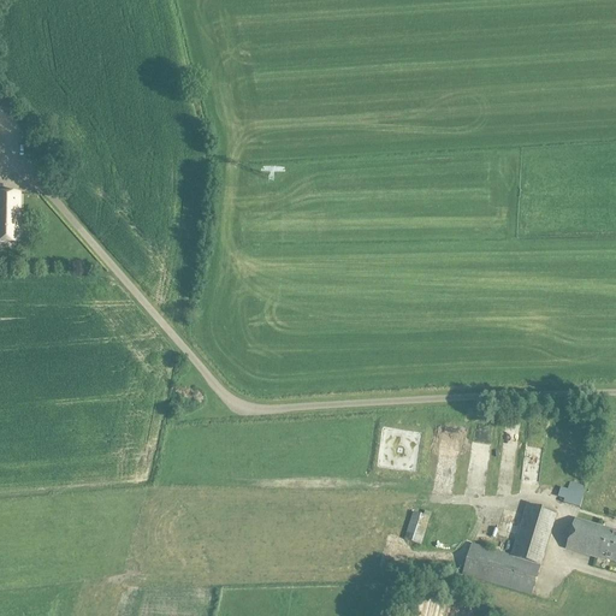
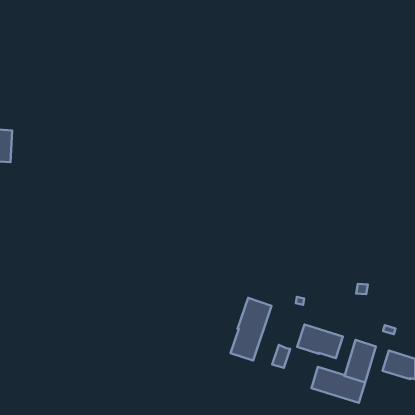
building: none -> [231,298,271,360]
building: none -> [297,324,343,358]

